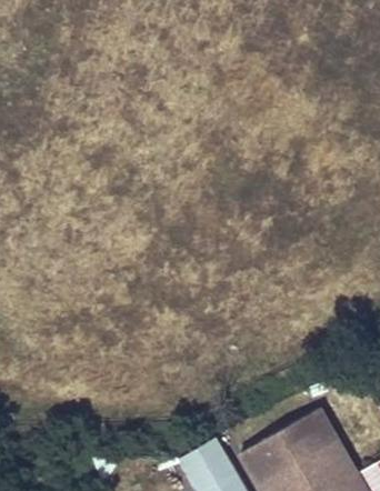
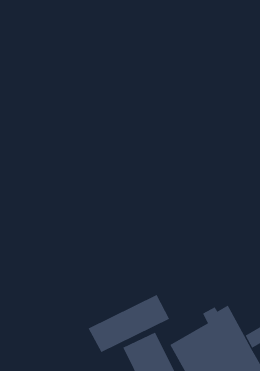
building: none -> [88,294,170,353]

